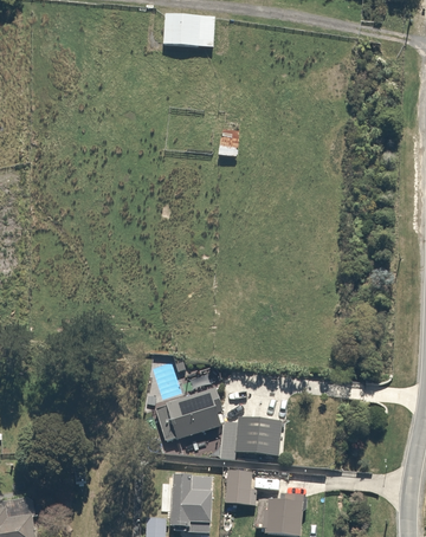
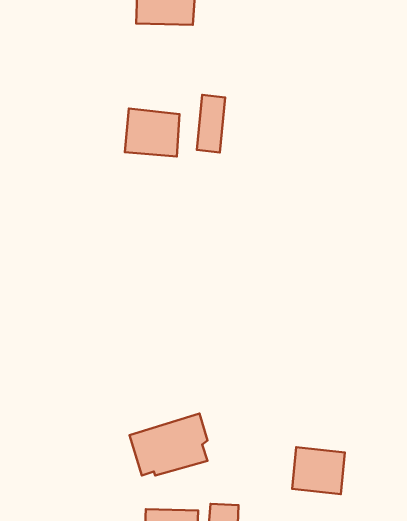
building: none -> [125,109,180,156]
building: [233,414,279,455] -> [292,447,345,494]

